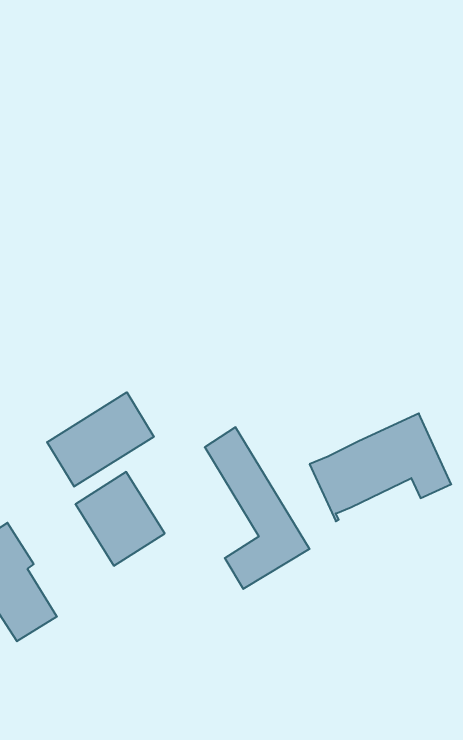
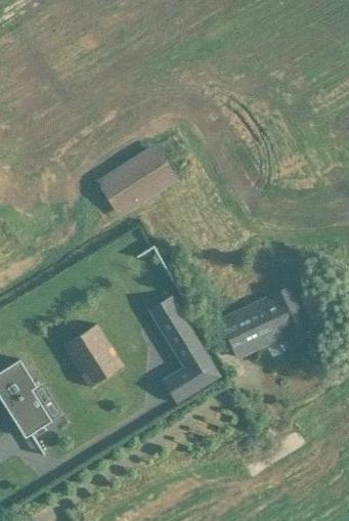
building: none -> [101,150,172,213]
building: [47,392,154,487] -> none

